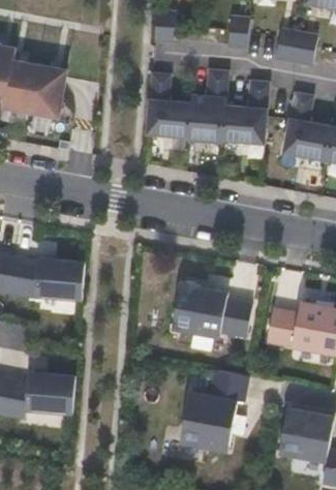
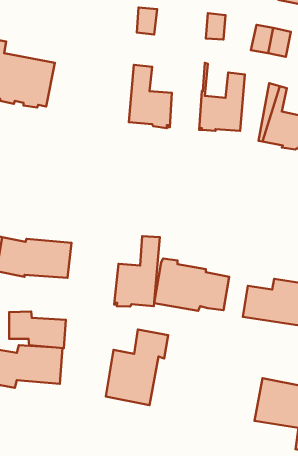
building: [189,70,226,145] -> none
building: none -> [114,236,160,306]
building: none -> [9,312,66,348]
building: [181,369,247,450] -> [106,329,168,405]

